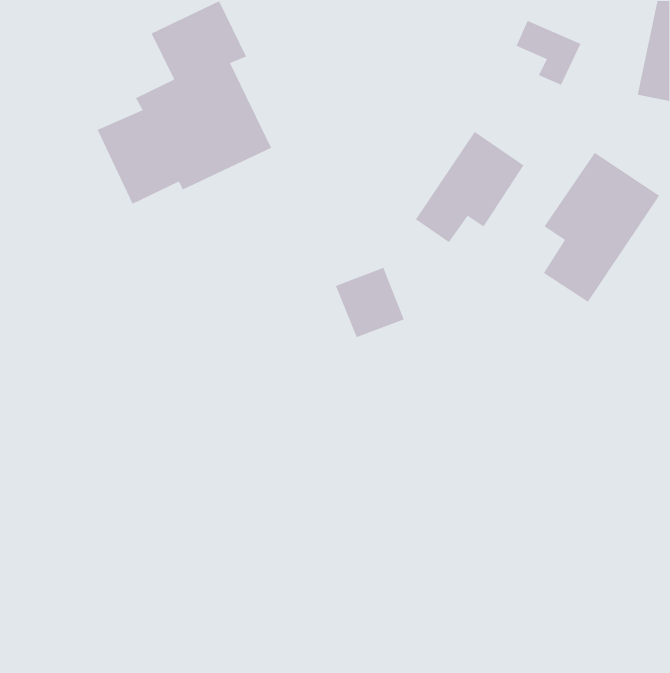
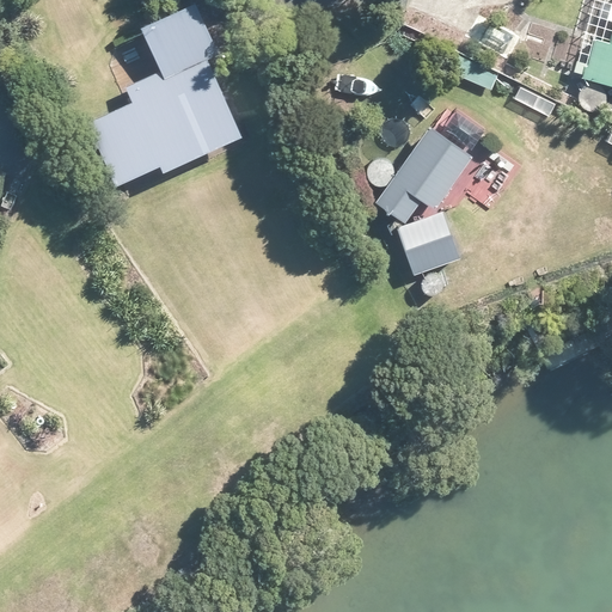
building: [543,152,660,303] -> none
building: [335,267,405,338] -> [397,213,460,277]

